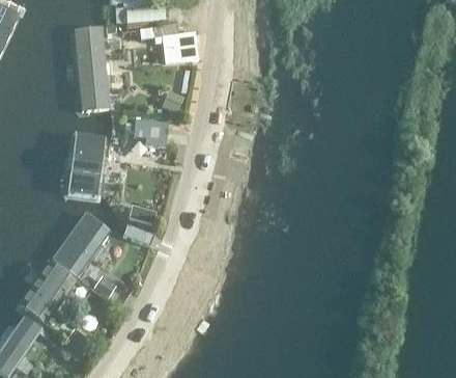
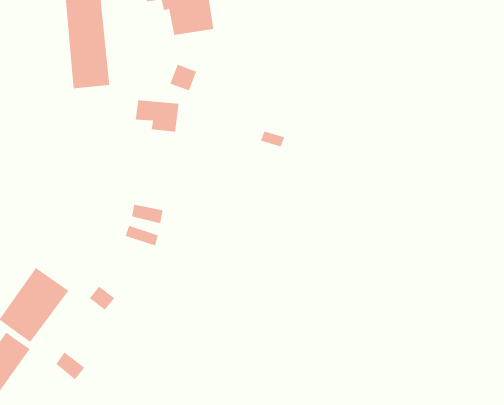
building: [66,130,108,199] -> none
building: [53,209,113,274] -> none

